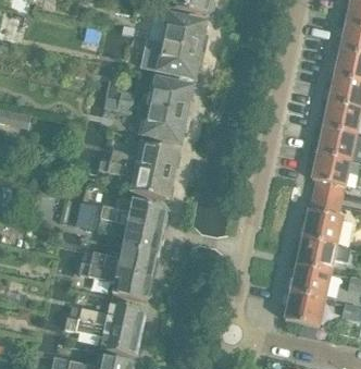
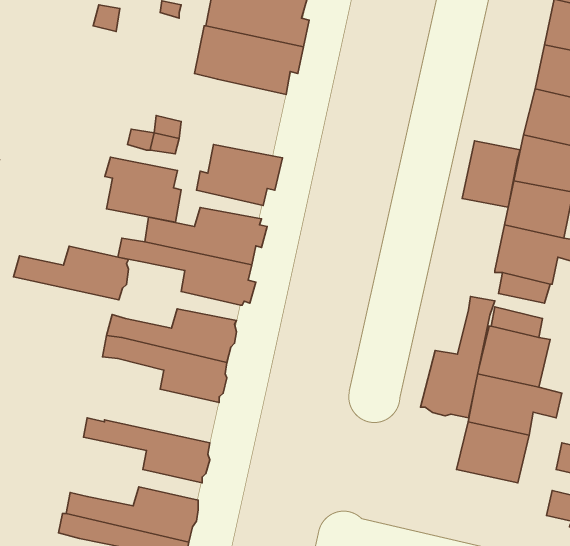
building: [151,76,195,113] -> [105,157,181,222]
building: none -> [462,141,520,207]
building: none -> [420,296,495,418]
building: [90,245,155,275] -> [14,246,128,300]
building: [285,291,325,327] -> none

